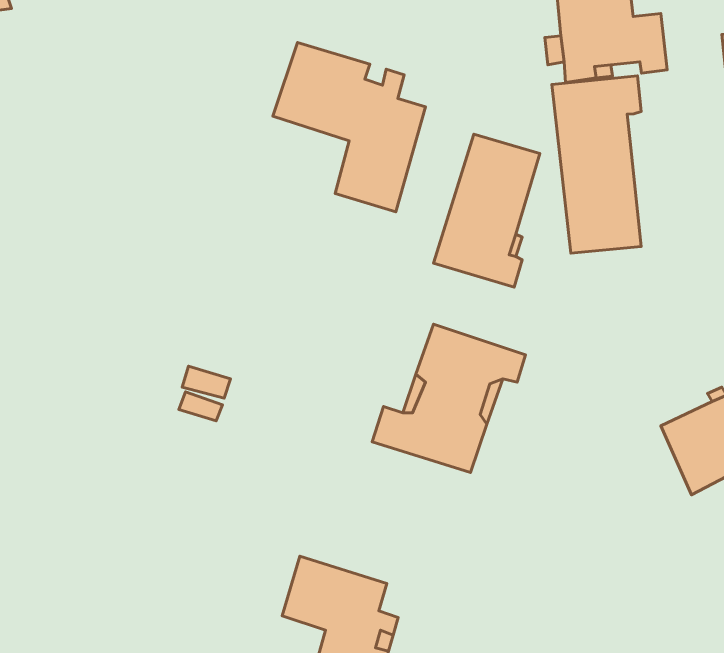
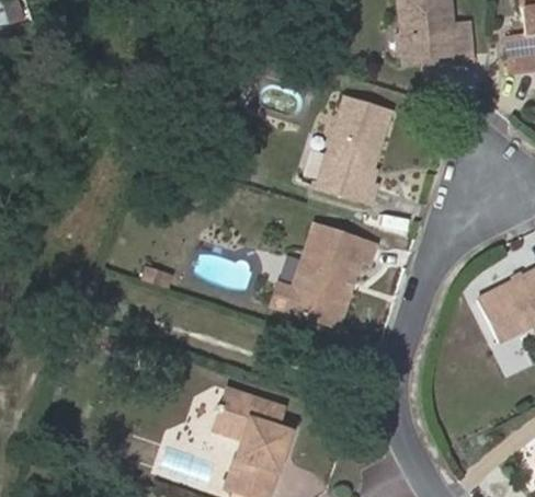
building: [273,43,426,212] -> none
building: [552,76,641,253] -> none

